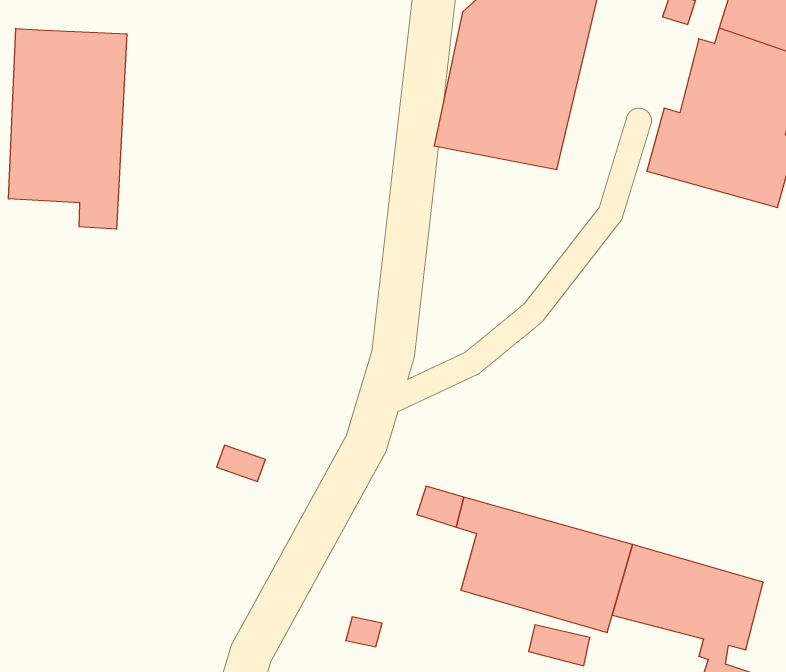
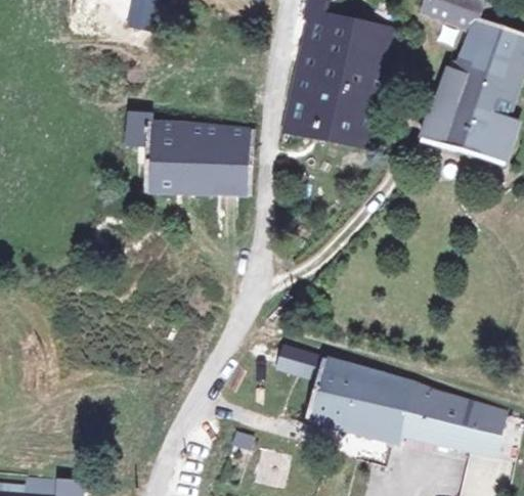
building: [8,28,127,229] -> none
building: none -> [128,117,252,197]

